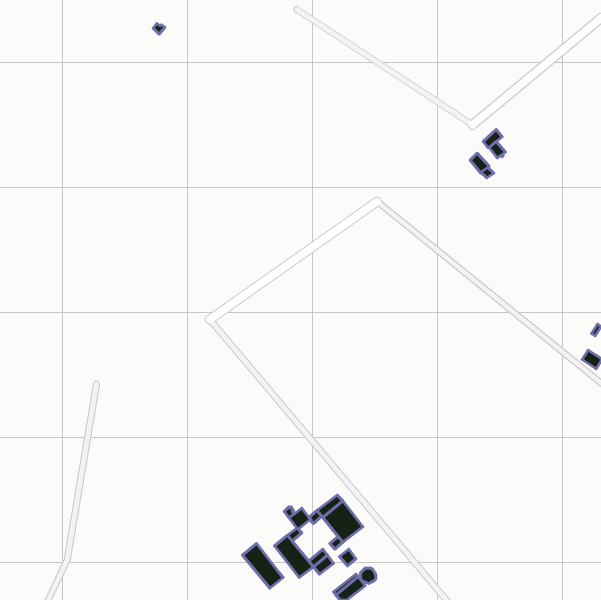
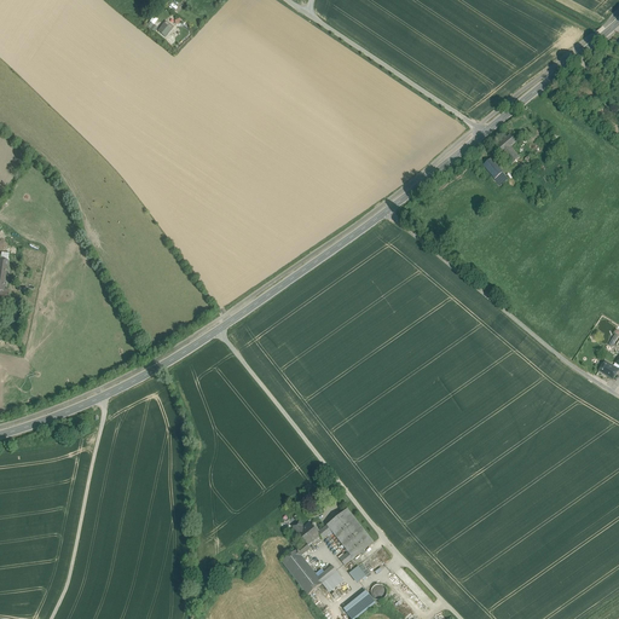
building: [243,543,283,588] -> none

